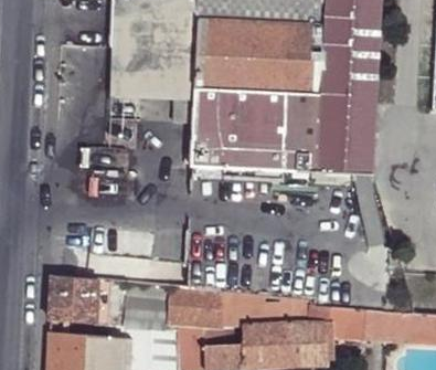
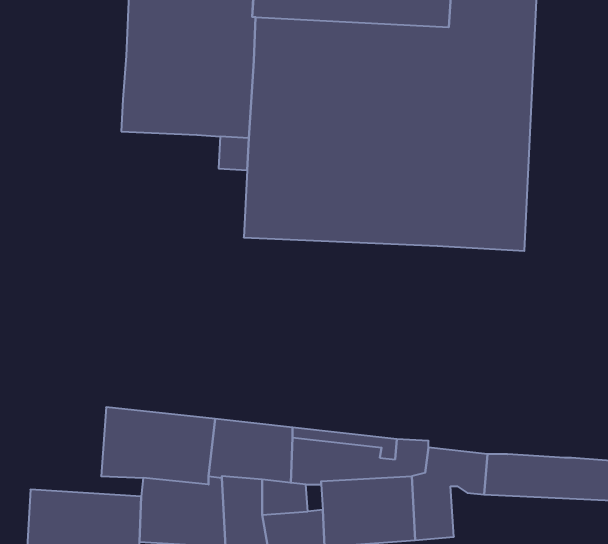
building: [49,274,98,324] -> none

